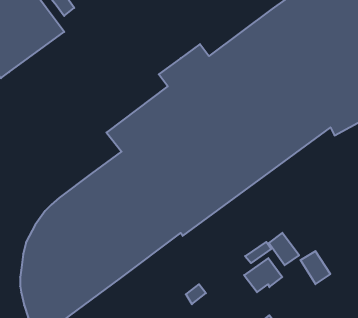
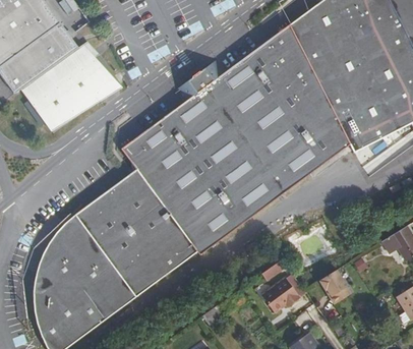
building: none -> [23,40,111,128]
building: [269,233,299,265] -> none

